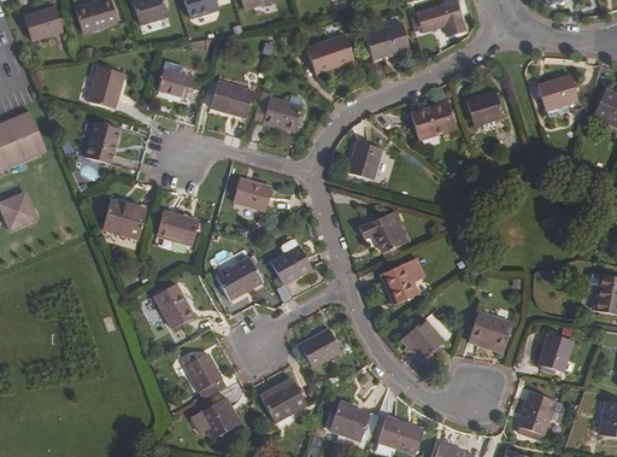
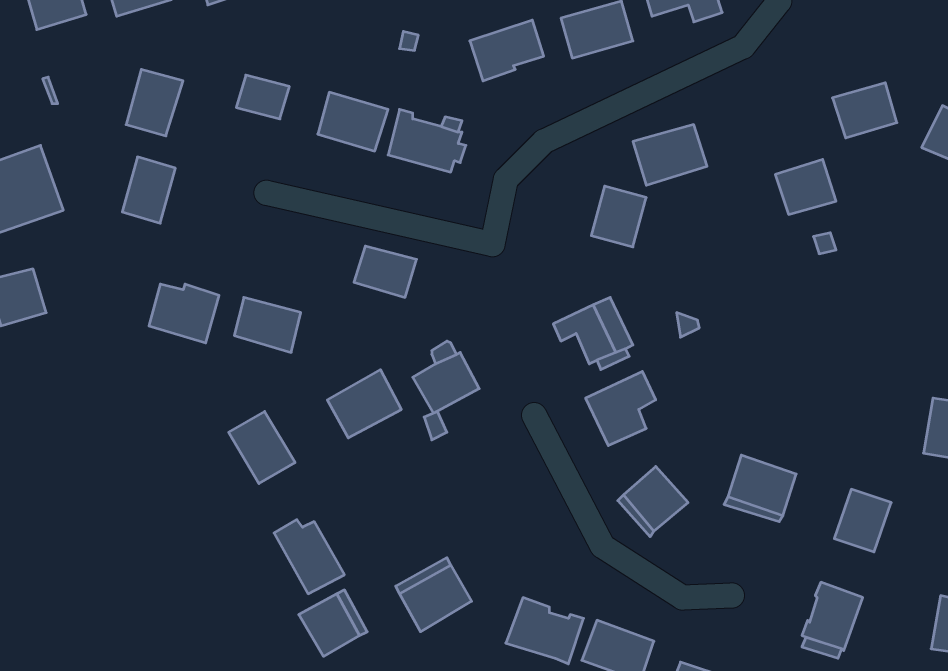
building: [465,89,504,124] -> [775,159,836,214]
building: [347,140,382,178] -> [591,186,646,247]
building: [299,327,342,367] -> none

